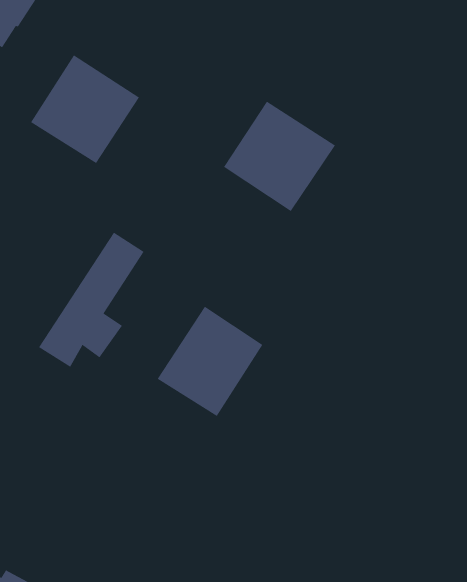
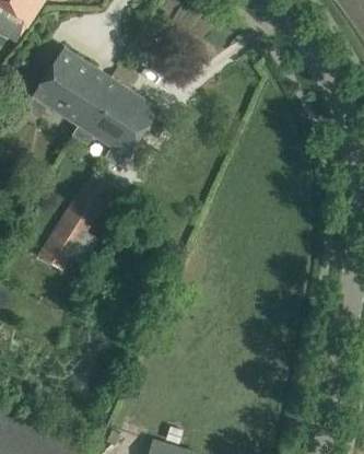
building: [223,101,336,212] -> [78,79,157,158]
building: [157,306,263,417] -> none

